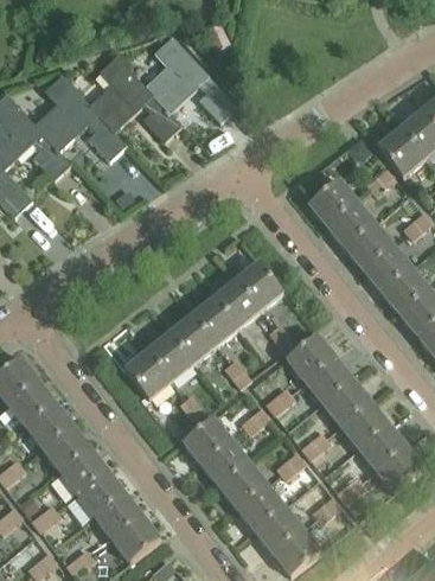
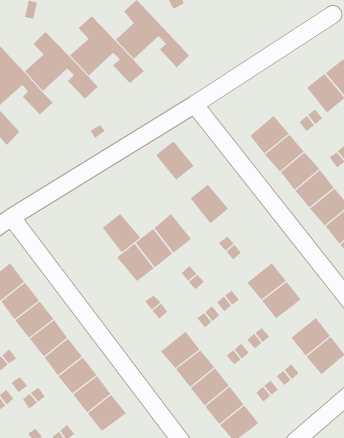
building: [213,279,261,327] -> [155,140,194,181]
building: [287,333,335,381] -> none
building: [124,350,172,398] -> [102,213,141,253]
building: [340,401,389,447] -> none
building: [183,416,231,464] -> none

